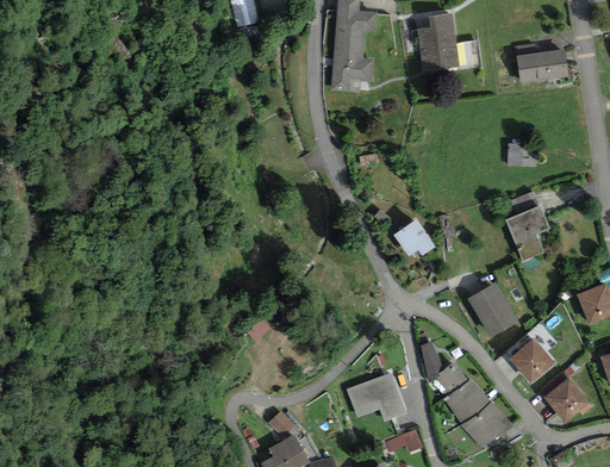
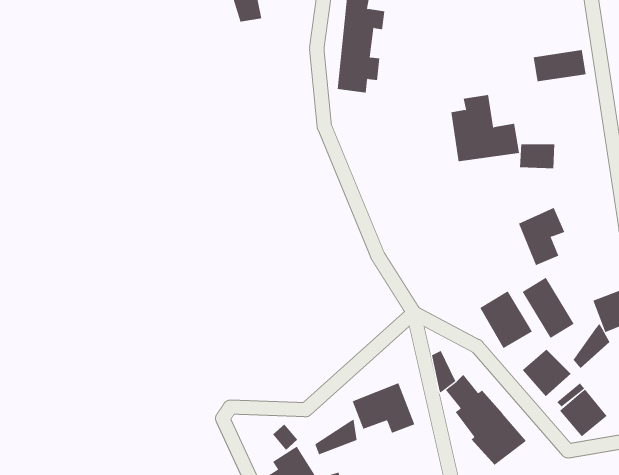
building: [416,11,483,75] -> [450,95,520,162]
building: [393,219,436,256] -> none
building: none -> [522,277,575,339]
building: none -> [573,323,610,369]
building: none -> [315,419,357,455]
building: [387,428,425,453] -> none

